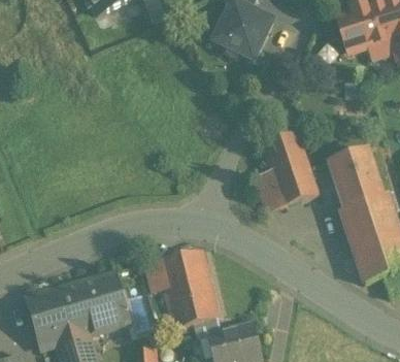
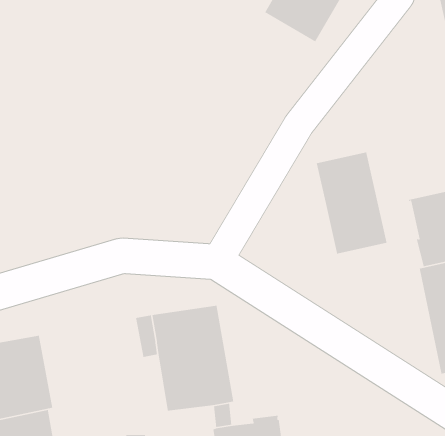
building: [255,170,282,210] -> none
building: [79,272,129,332] -> none

